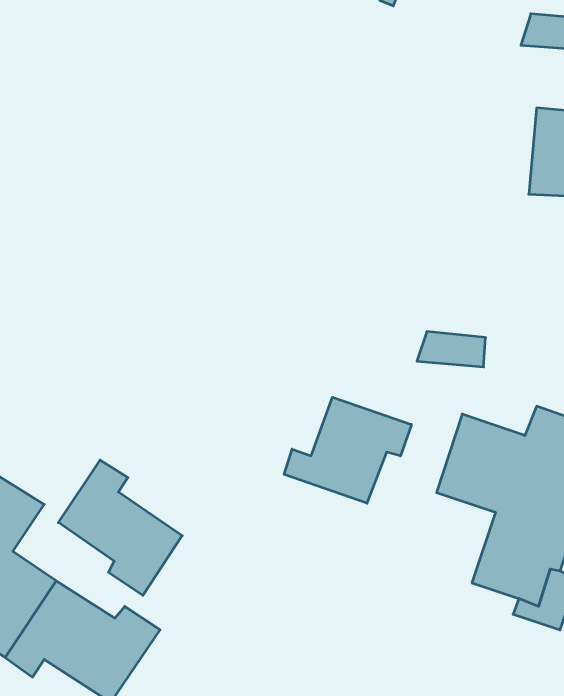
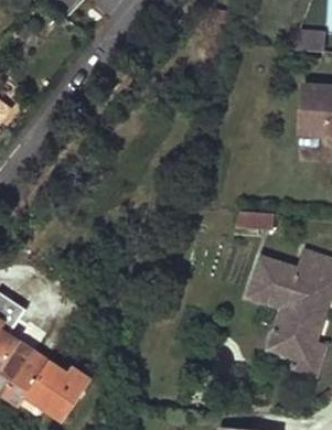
building: [284,397,411,503] -> none
building: [58,460,182,595] -> none

